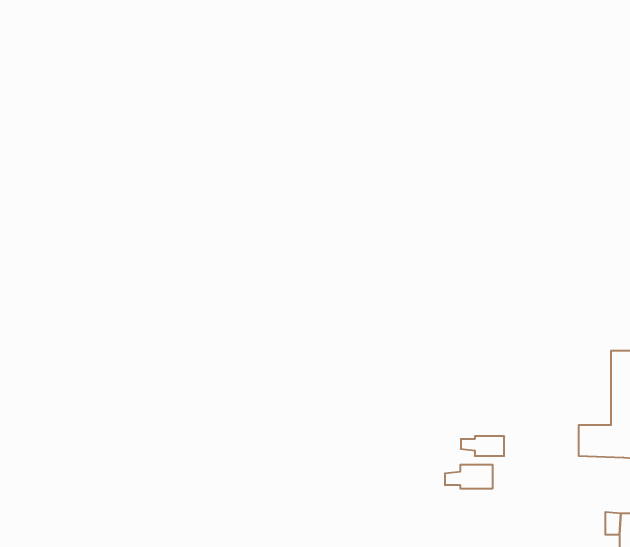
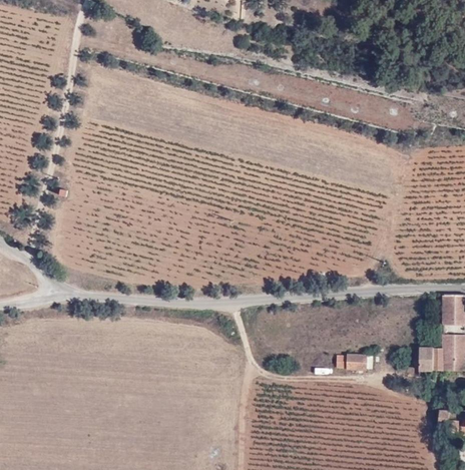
building: [445,465,492,489] -> none

